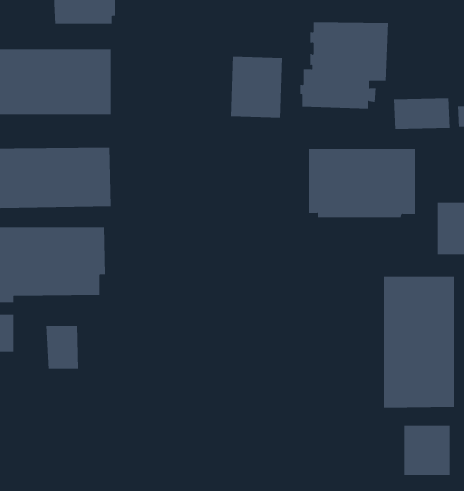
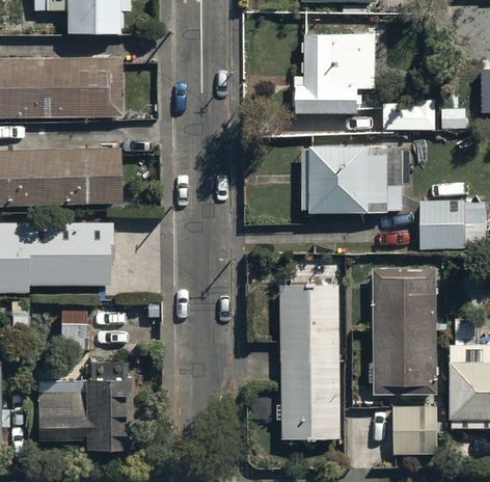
building: [230,56,282,118] -> none
building: none -> [277,283,342,437]
building: none -> [35,359,131,449]

